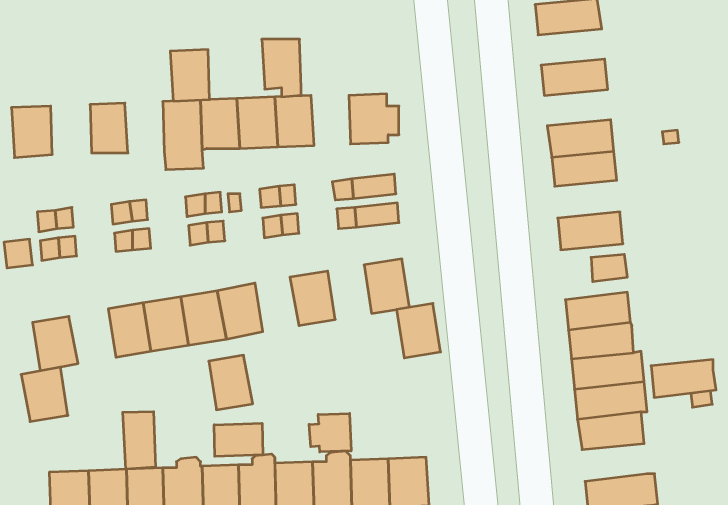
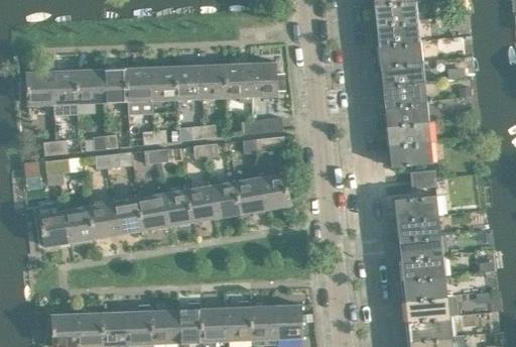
building: none -> [376,20,420,44]
building: [262,39,301,97] -> [225,65,251,103]
building: [170,50,210,101] -> [101,69,127,103]
building: none -> [380,61,424,85]
building: none -> [51,71,79,115]
building: none -> [387,121,430,146]
building: [397,303,441,358] -> [236,178,265,214]
building: [209,355,253,410] -> [187,186,217,222]
building: [651,360,716,397] -> [405,297,448,322]
building: [21,367,68,422] -> [63,207,95,243]
building: [123,412,155,469] -> none
building: [309,413,351,452] -> none
building: [214,423,263,456] -> none

